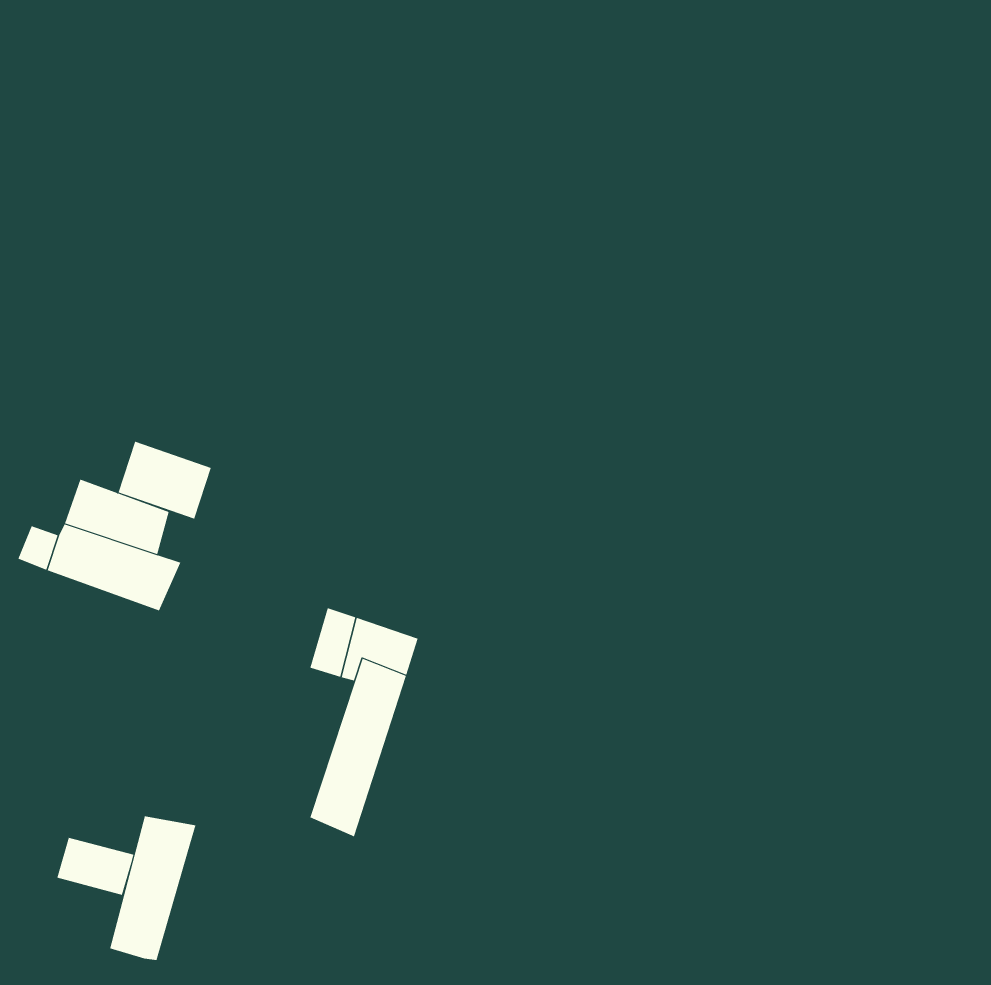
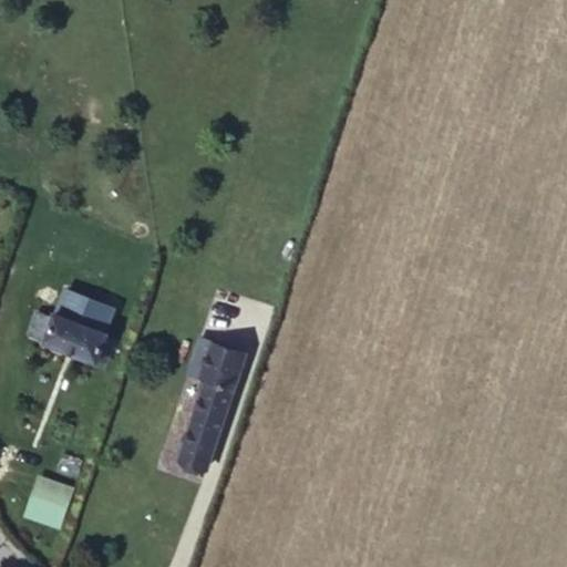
building: [118,441,212,520] -> none
building: [109,816,196,961] -> none

